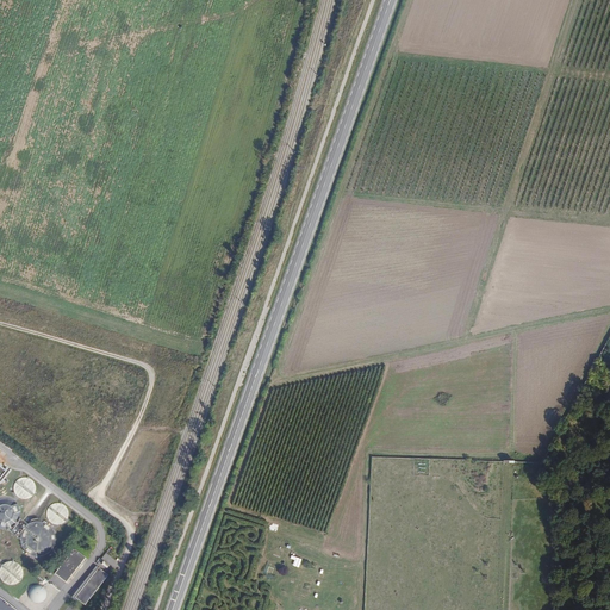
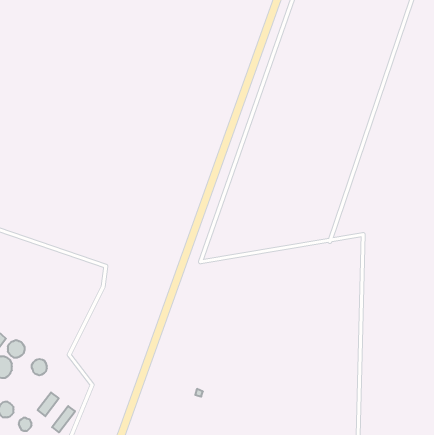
building: [19,521,52,554] -> none

